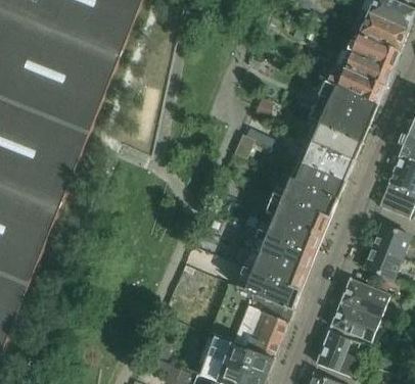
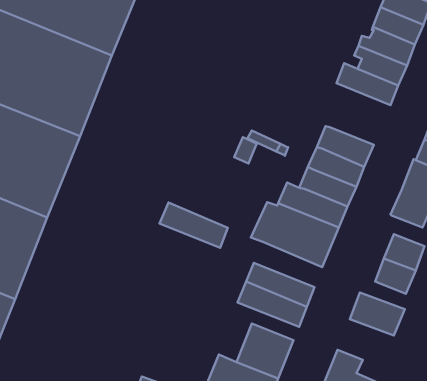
building: [309,83,377,141] -> none
building: [250,231,314,273] -> [160,203,228,248]
building: [330,302,385,342] -> none

